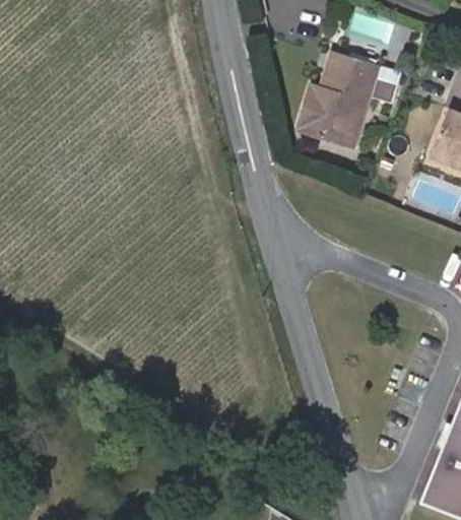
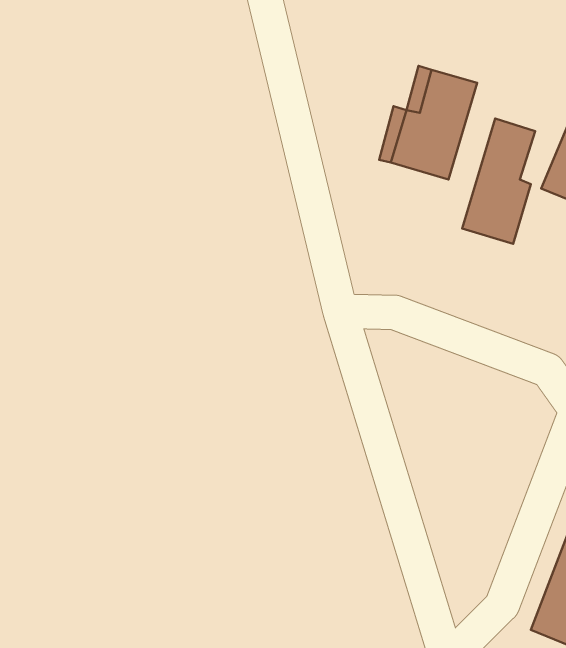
building: none -> [462,119,535,244]

